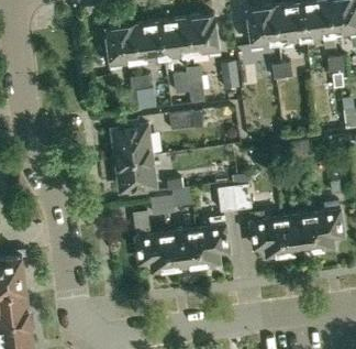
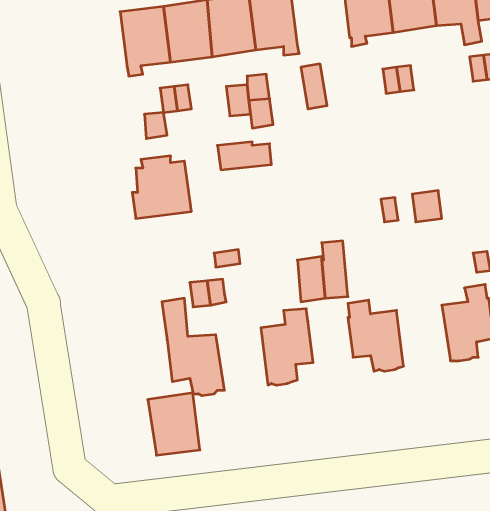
building: [116,154,155,194] -> none
building: [281,214,315,252] -> none
building: [167,228,200,268] -> [148,393,200,455]

